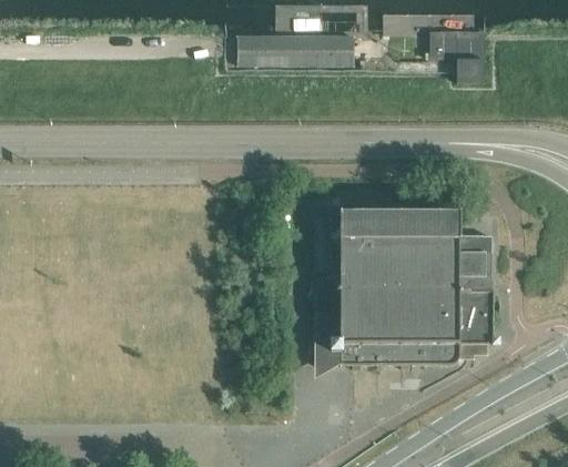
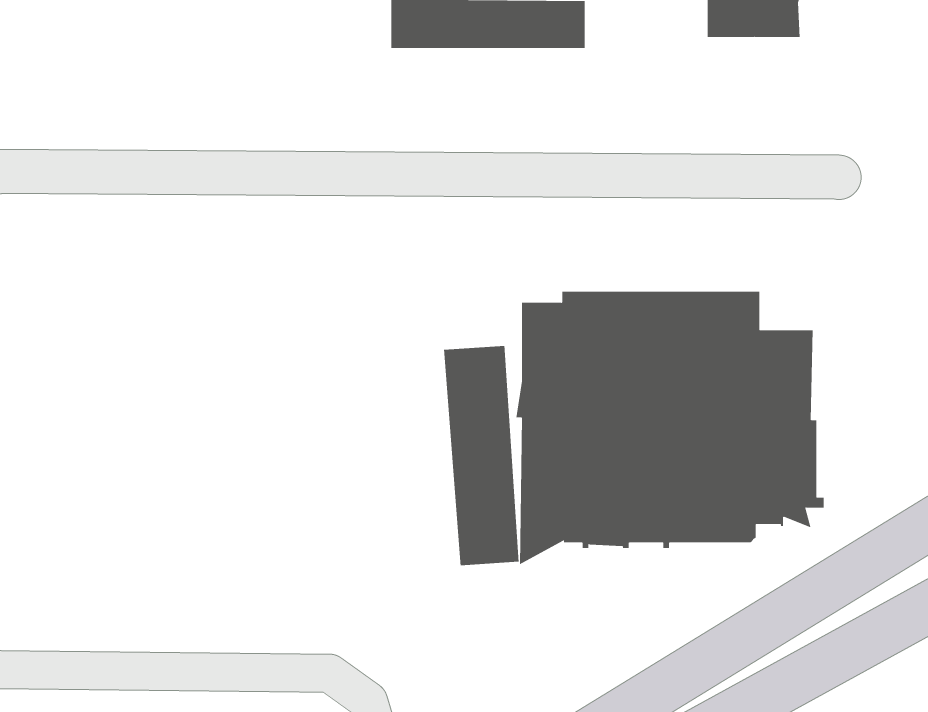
building: [457,58,485,81] -> none
building: none -> [444,345,519,566]

